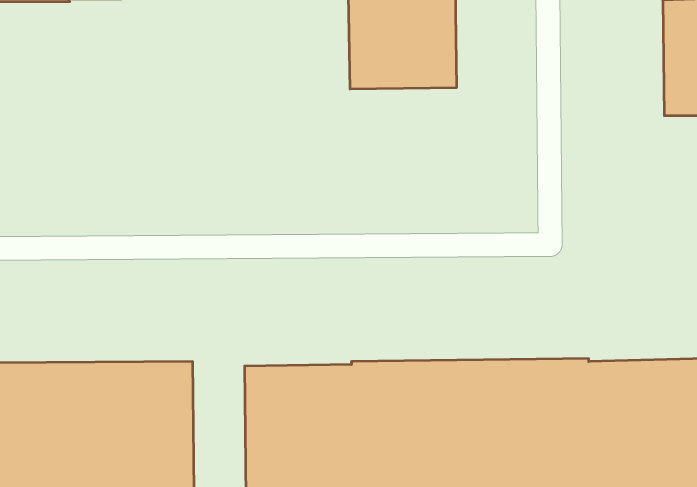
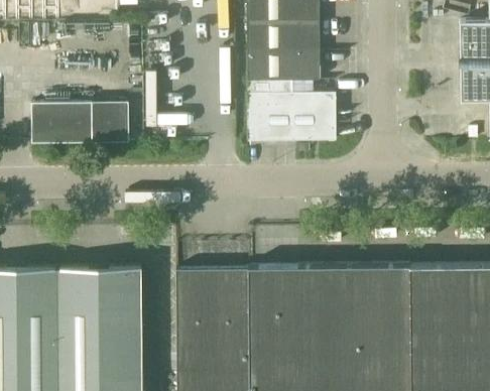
building: none -> [247,93,336,142]
building: none -> [30,103,128,145]

